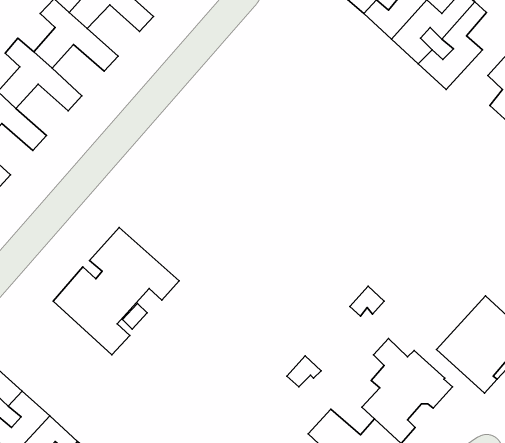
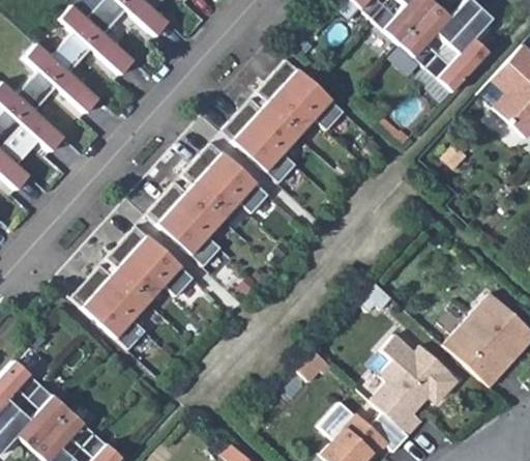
building: none -> [223,59,345,183]
building: none -> [147,142,269,266]

